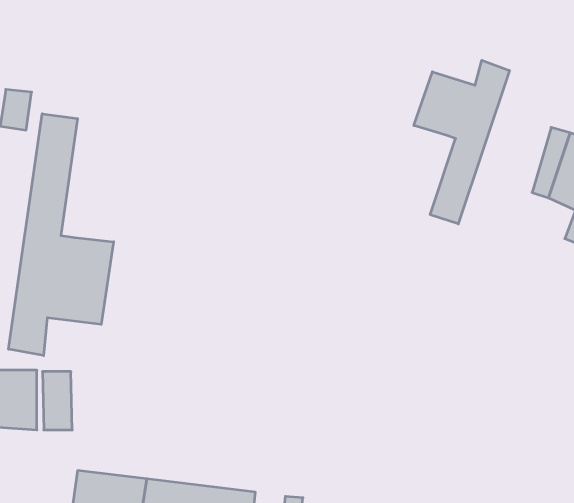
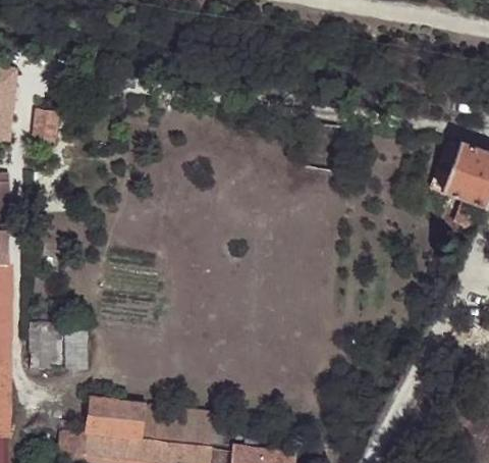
building: [414,60,509,224] -> none
building: [9,114,114,356] -> none

